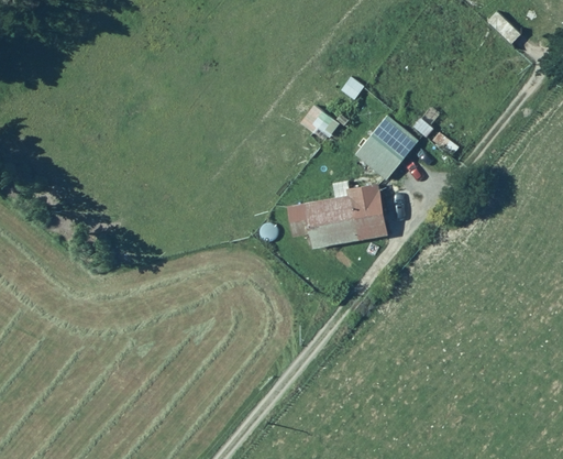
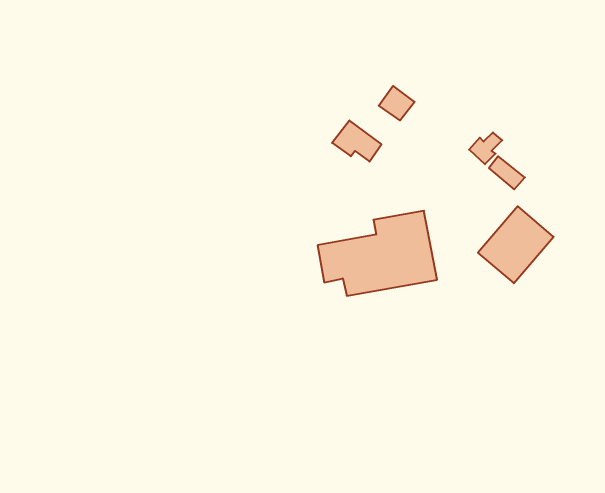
building: [356,116,419,179] -> [478,206,554,283]

